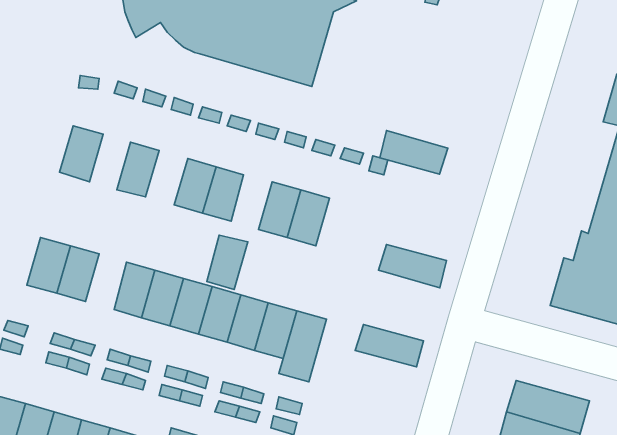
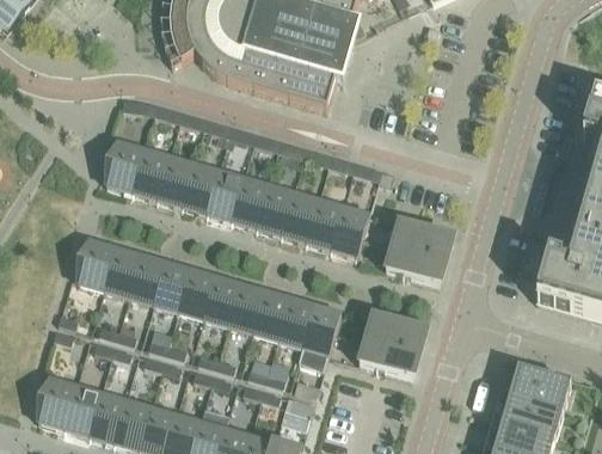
building: [380,131,448,174] -> [393,222,453,260]
building: none -> [133,149,168,198]
building: none -> [182,164,219,211]
building: none -> [331,205,369,254]
building: [207,235,248,290] -> [257,185,293,233]
building: none -> [129,254,165,303]
building: none -> [360,339,419,378]

